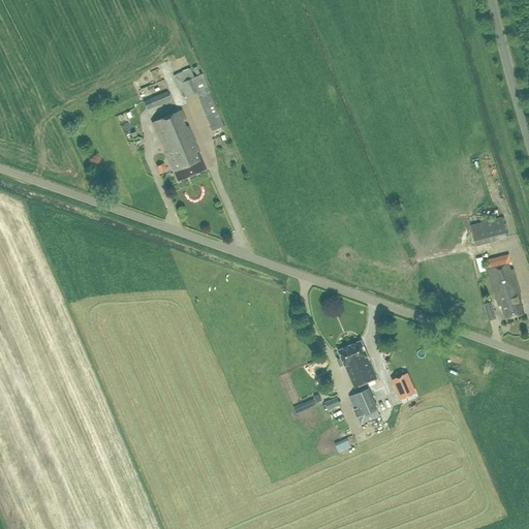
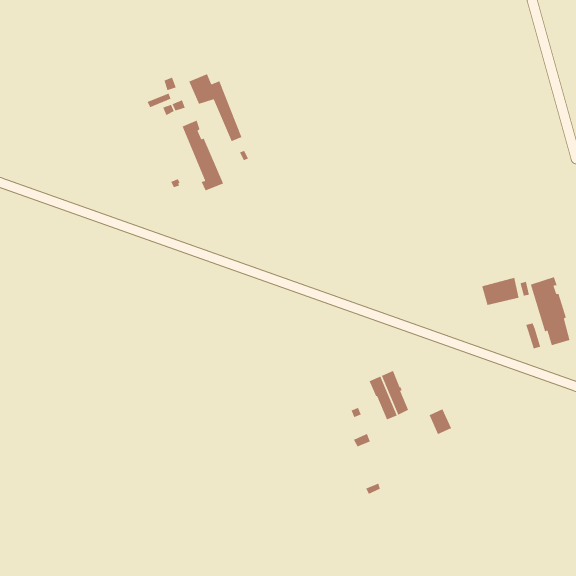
building: [152,116,188,181] -> none
building: [471,217,506,244] -> [481,277,519,306]
building: [348,386,379,422] -> none

